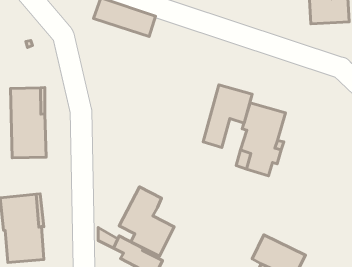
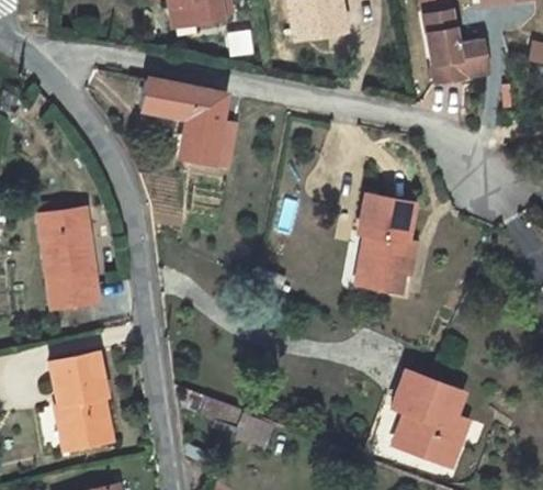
building: none -> [183,116,218,162]
building: [203,85,252,148] -> none
building: [119,187,174,256] -> none

